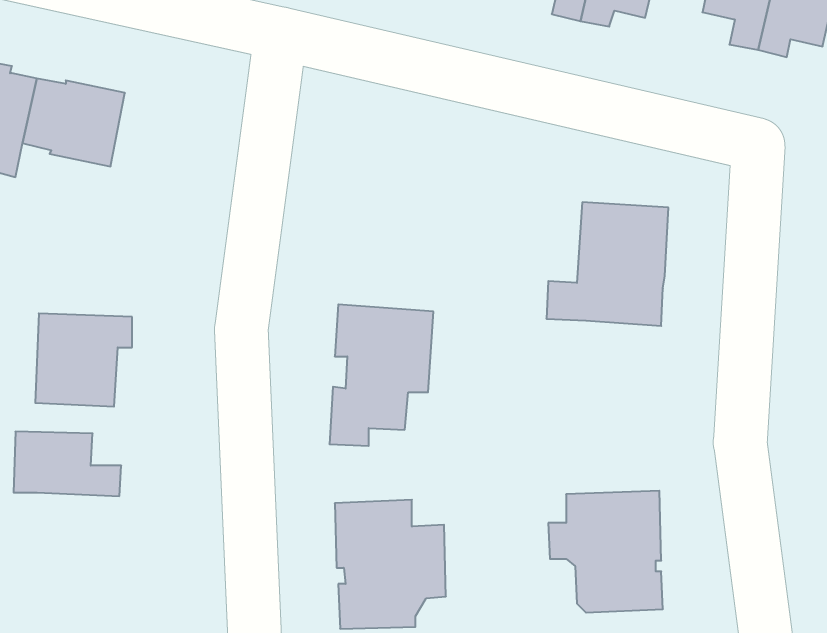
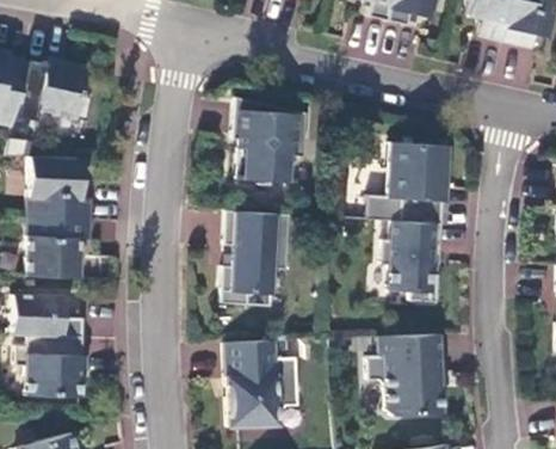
building: none -> [233,97,307,185]
building: none -> [29,156,92,219]
building: none -> [382,221,443,302]
building: none -> [14,336,86,398]

